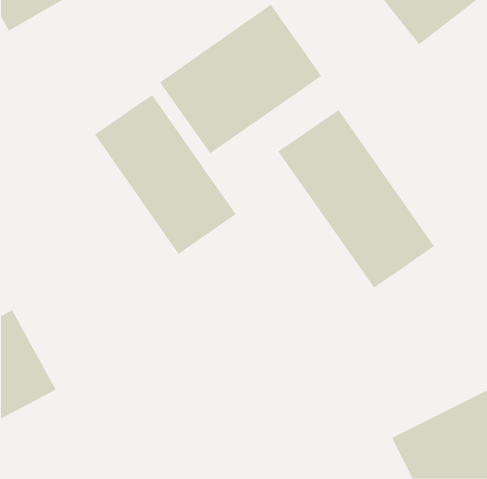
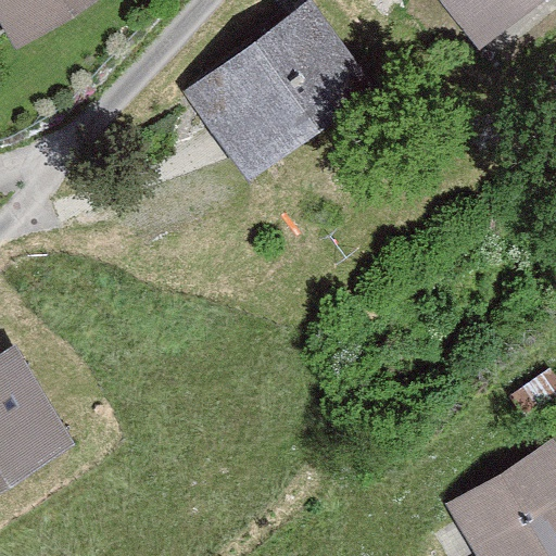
building: [94,94,237,255] -> none
building: [278,109,435,289] -> none

